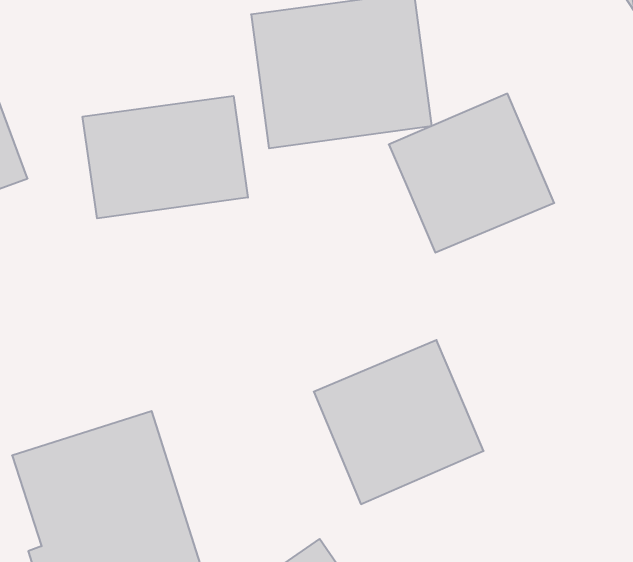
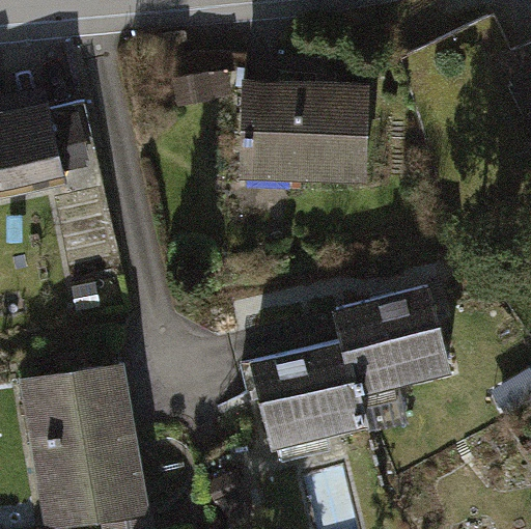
building: [389,94,554,253] -> [335,285,449,393]
building: [83,96,248,218] -> none

